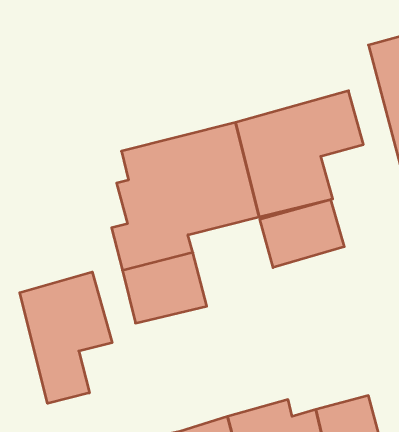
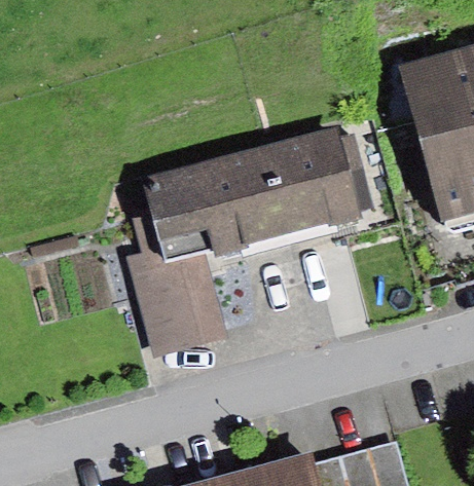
building: [260,199,344,268] -> none
building: [20,272,112,403] -> none

